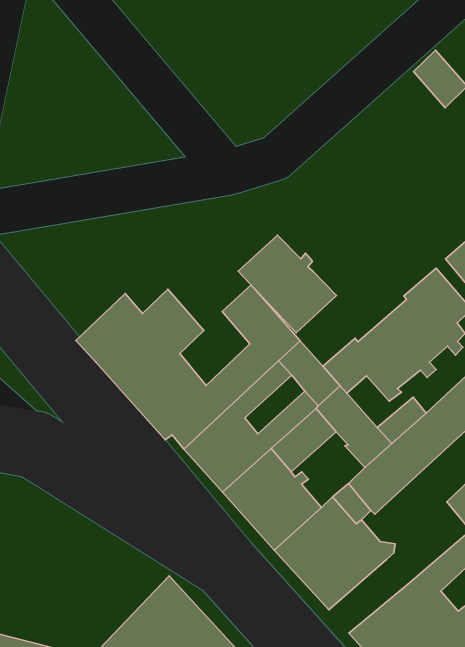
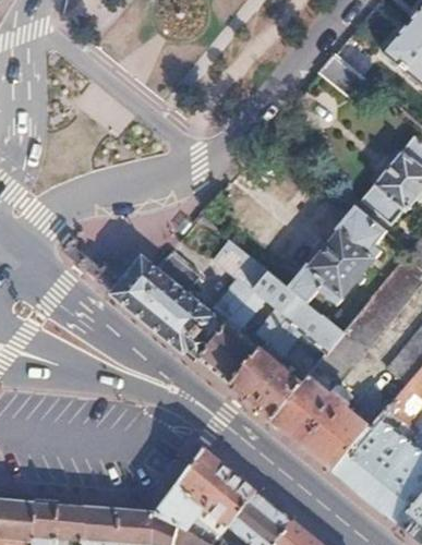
building: [238,235,336,333] -> none
building: none -> [318,414,371,470]

